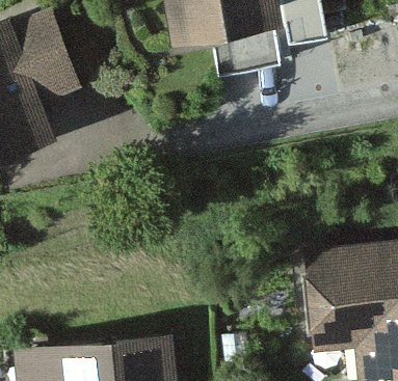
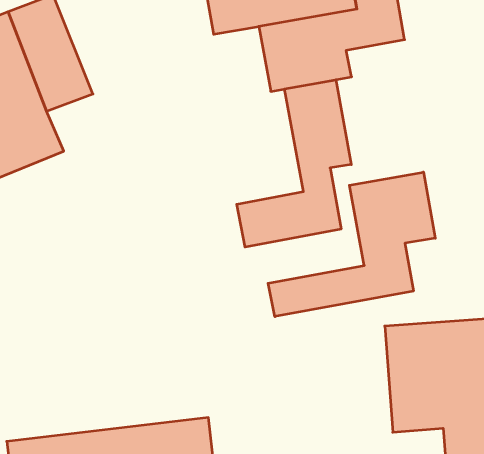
building: none -> [237,80,351,247]
building: none -> [268,172,435,317]

